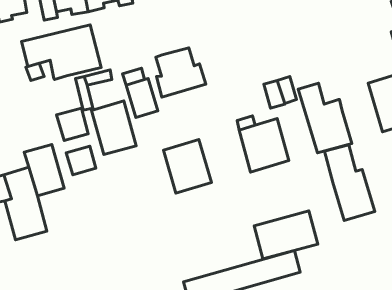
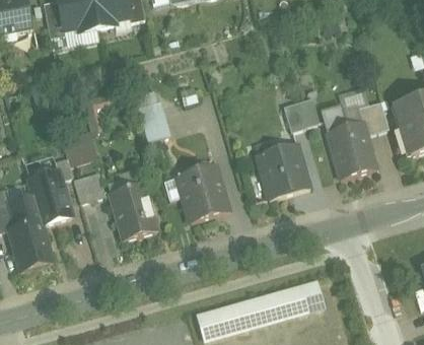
building: [22,25,101,80] -> none
building: [156,48,206,97] -> none
building: none -> [358,99,387,133]
building: [91,101,136,154] -> [109,182,156,238]
building: [324,145,375,221] -> none
building: [254,211,318,259] -> none

